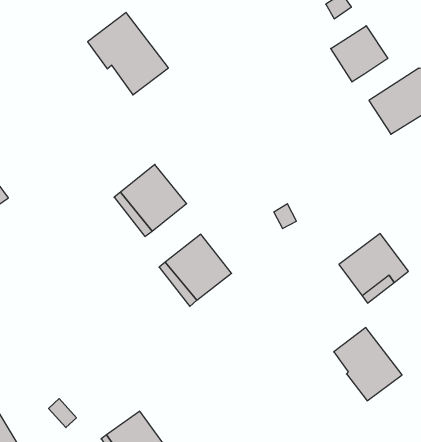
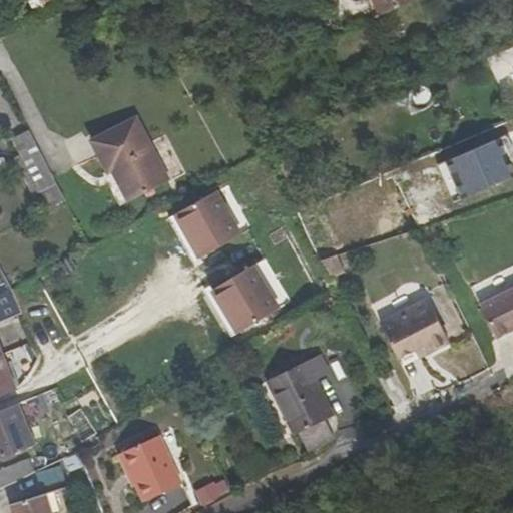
building: [88,12,168,95] -> [94,116,170,199]
building: [331,26,388,82] -> none
building: [334,328,402,401] -> [272,365,336,438]

